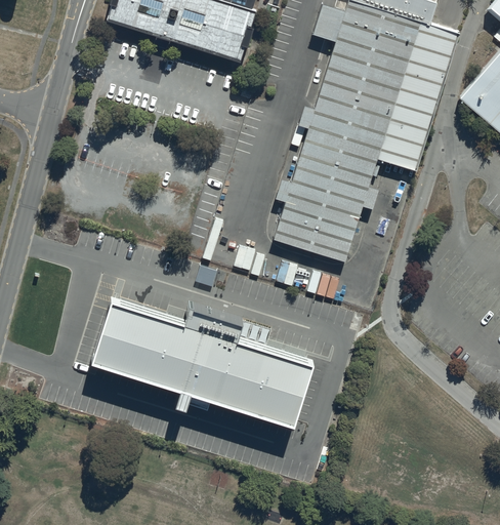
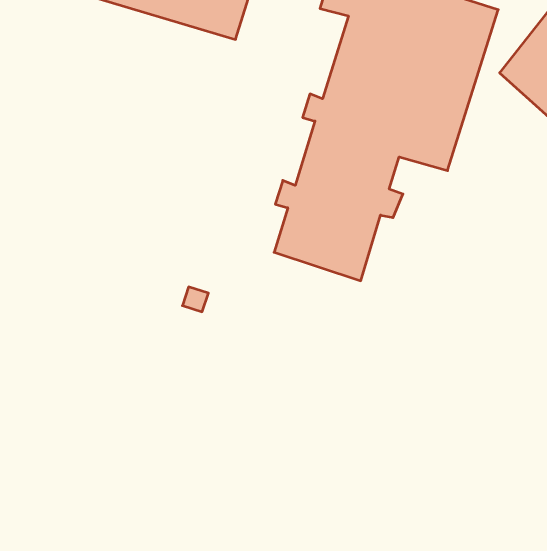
building: [93,301,317,425] -> none

